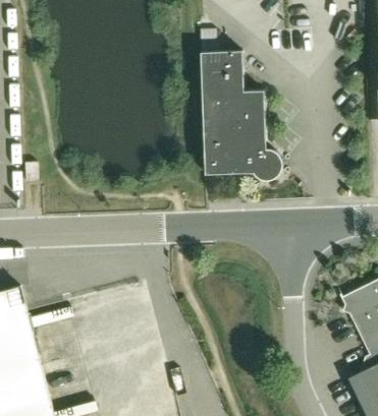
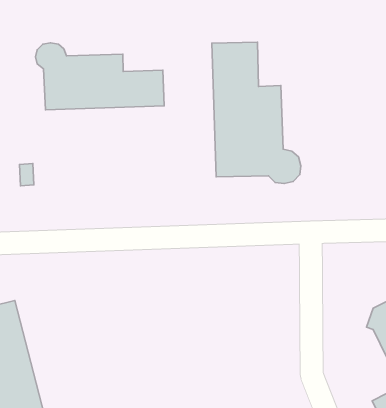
building: none -> [36,43,164,110]

